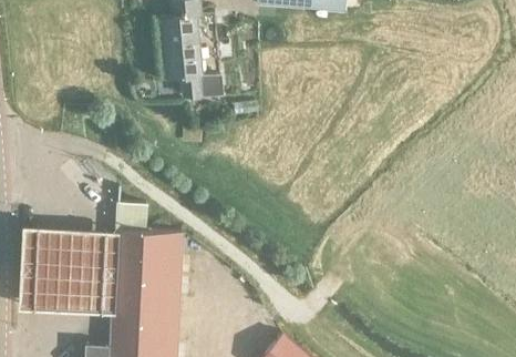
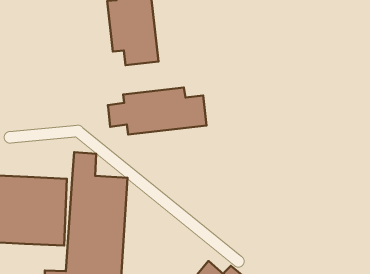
building: none -> [108,87,207,134]

